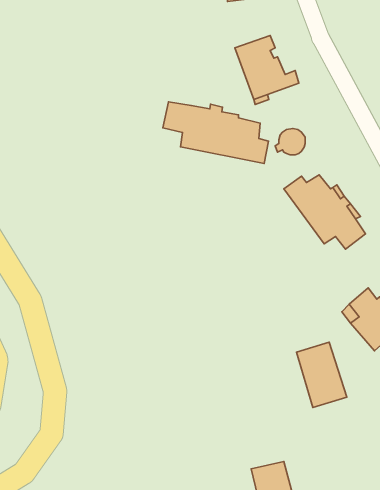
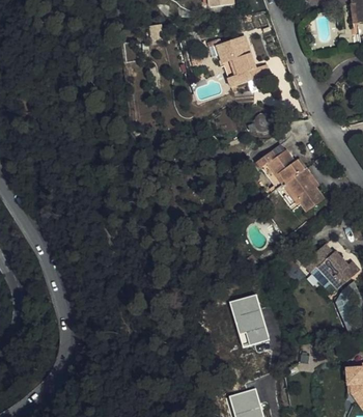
building: [163,102,268,164] -> none
building: [296,342,347,407] -> [229,293,271,346]

